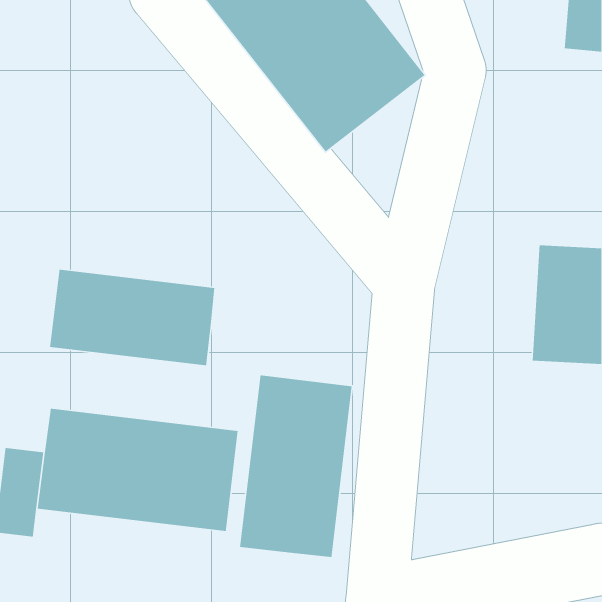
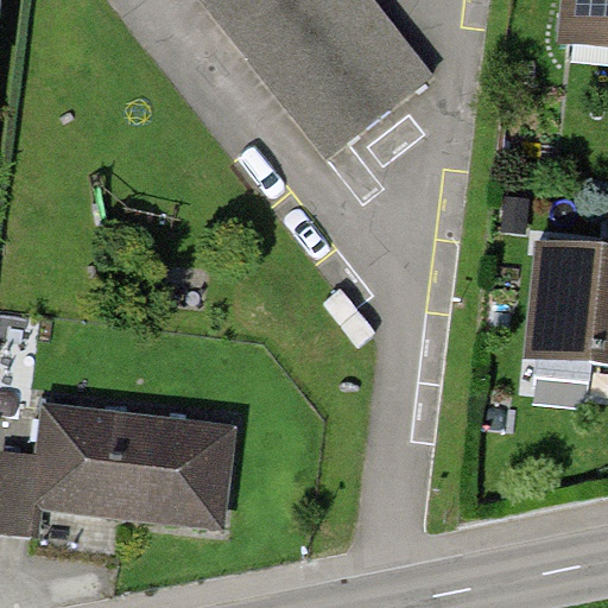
building: [49,269,215,366] -> none
building: [239,374,353,558] -> none

